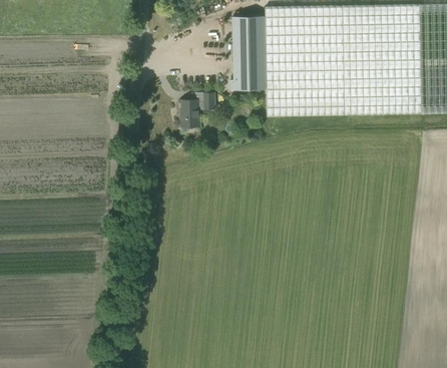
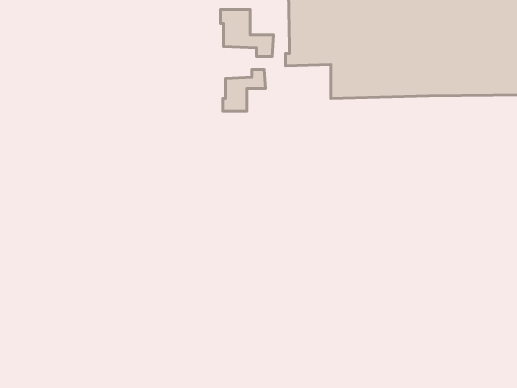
building: none -> [220,9,274,56]

